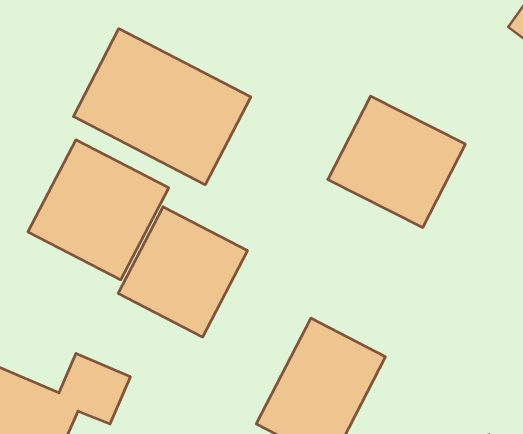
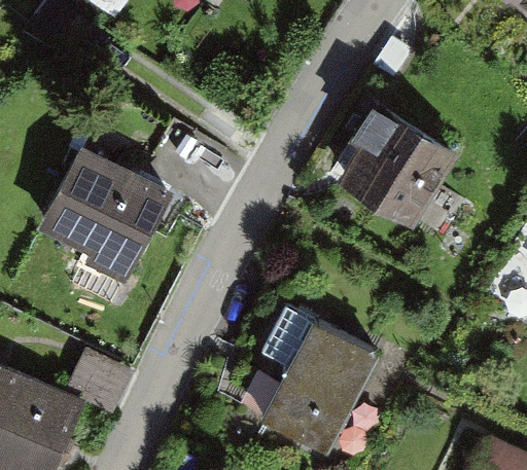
building: [73,29,251,185] -> none
building: [118,207,247,337] -> none

